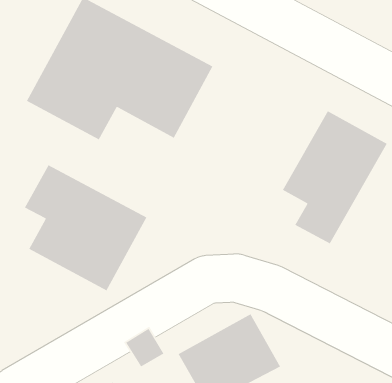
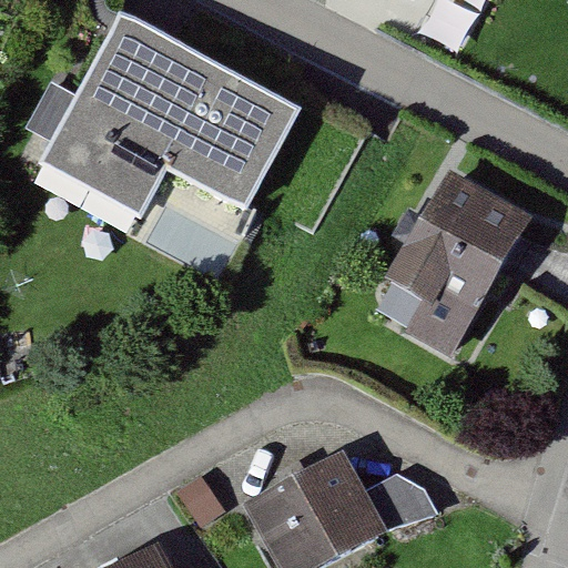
building: [24,164,148,291] -> none

